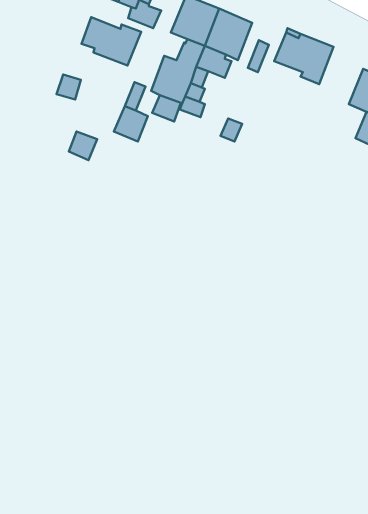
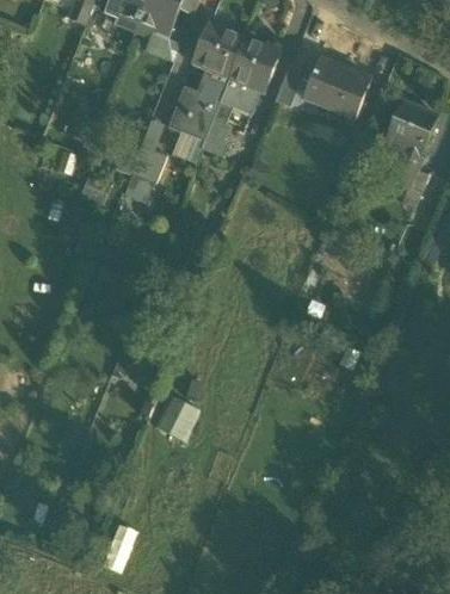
building: [82,17,141,65] -> none
building: none -> [158,391,198,434]

